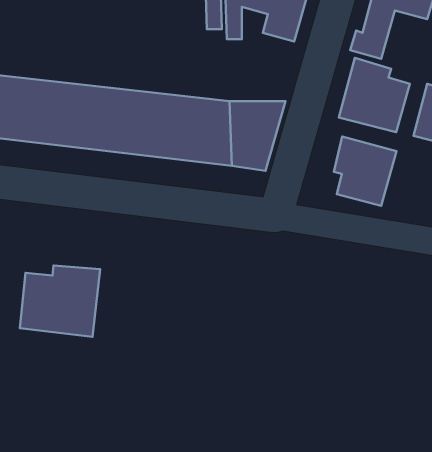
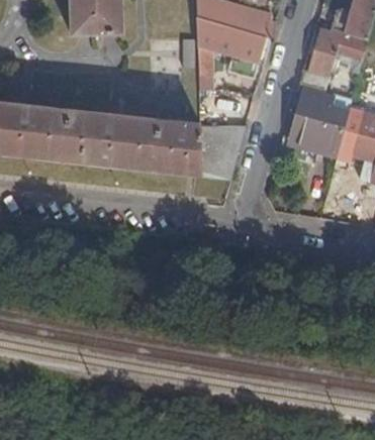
building: [334,137,397,206] -> none
building: [20,266,100,337] -> none

